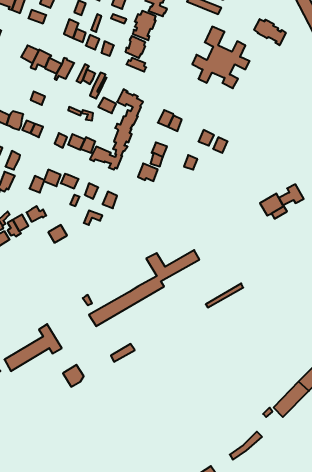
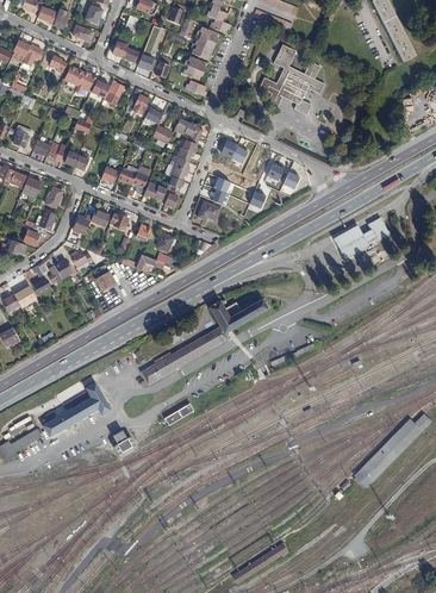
building: [254,19,286,45] -> none

